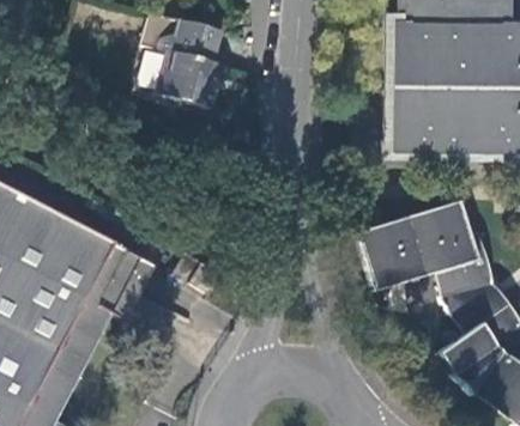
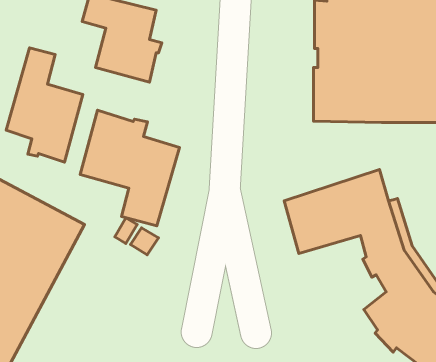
building: none -> [6,48,83,162]
building: none -> [80,110,179,226]

